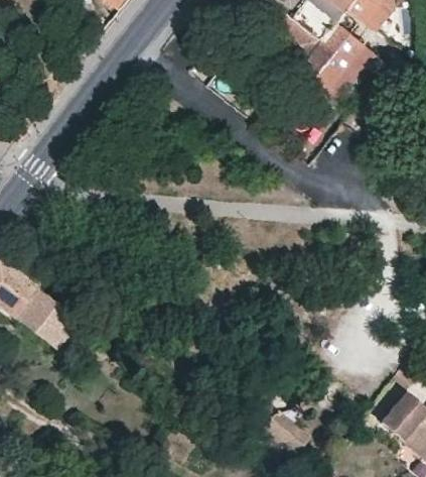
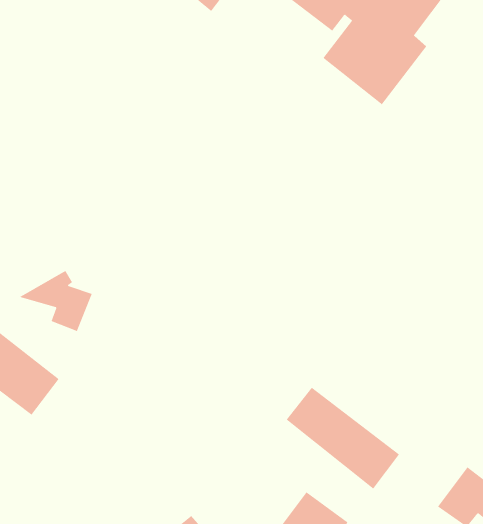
building: none -> [18,270,93,332]
building: none -> [286,387,400,490]

